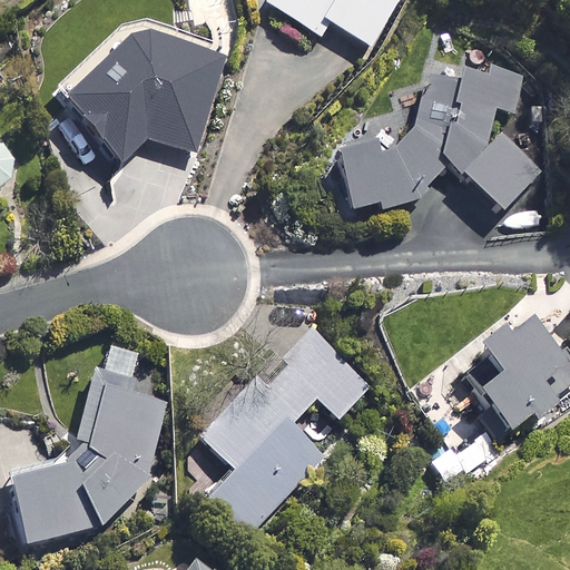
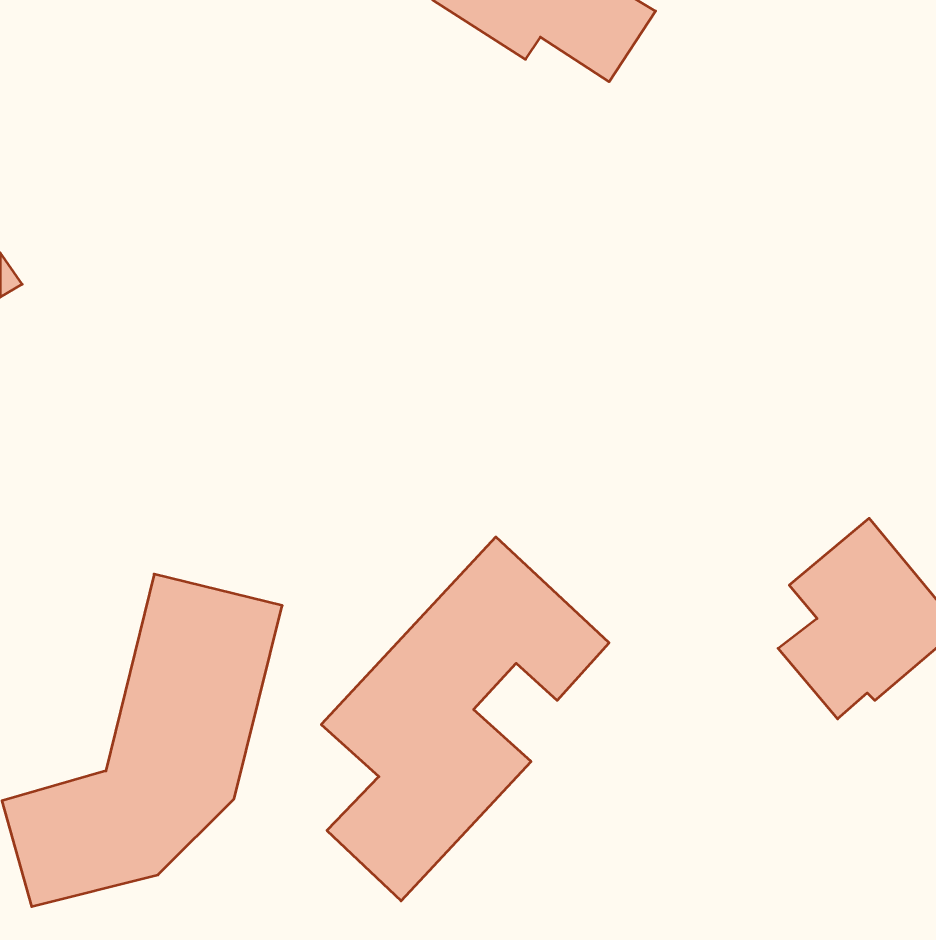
building: [65,30,225,160] -> none
building: [335,67,541,213] -> none

